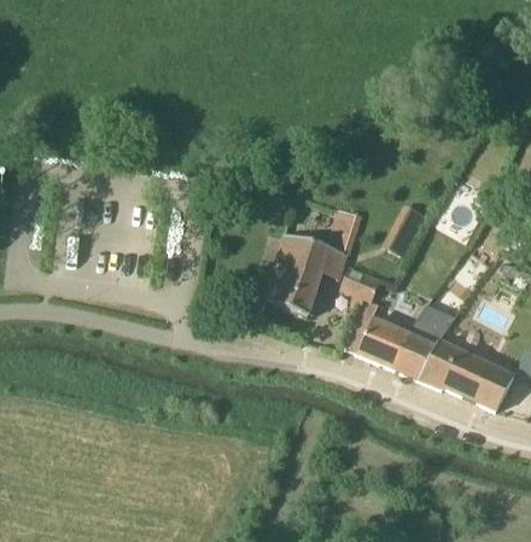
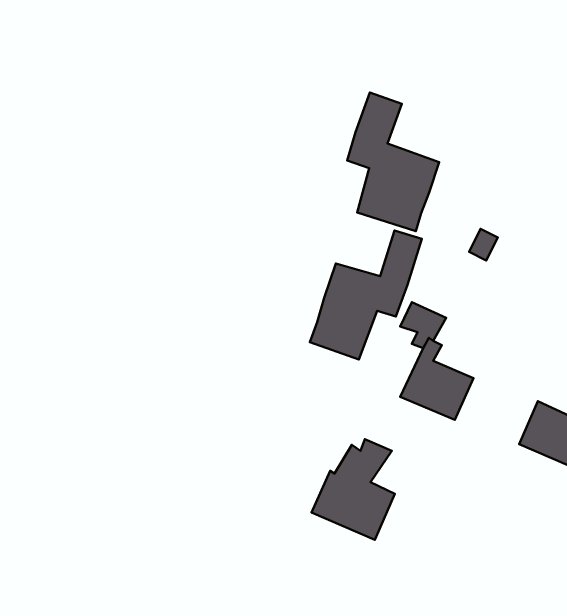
building: none -> [347,93,439,231]
building: [390,303,460,387] -> [312,439,395,540]

